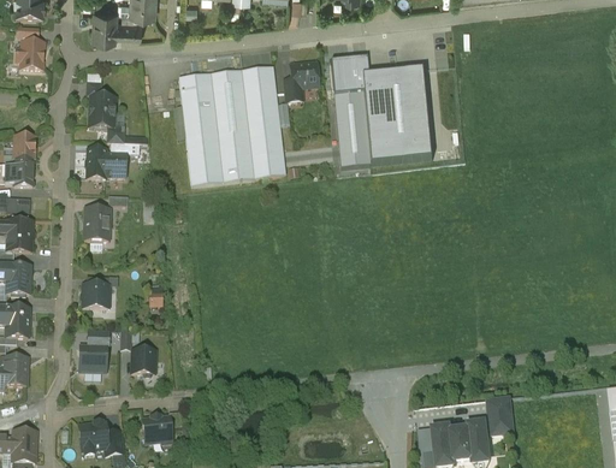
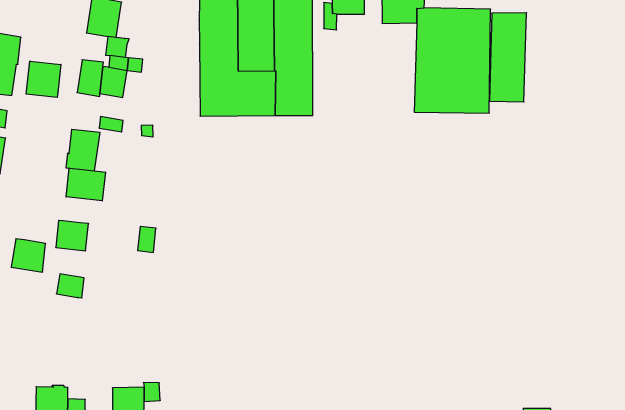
building: [334,87,369,164] -> [489,13,527,102]
building: none -> [26,61,61,97]
building: none -> [66,168,105,201]
building: [79,345,106,371] -> [11,239,46,272]
building: [131,348,155,375] -> none

